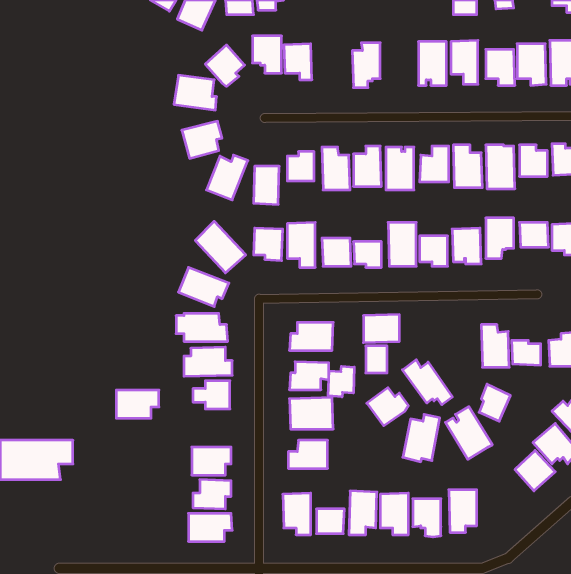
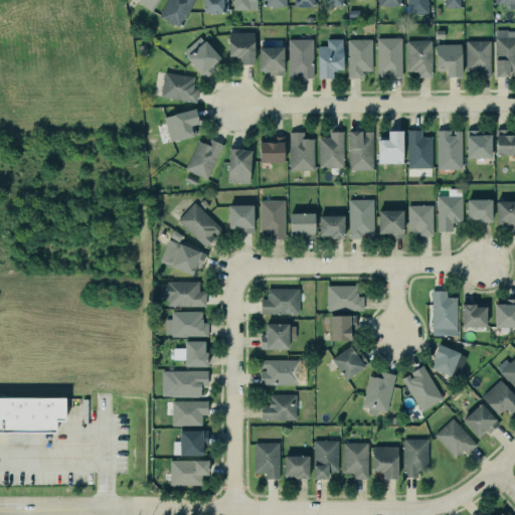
building: none -> [287,34,312,76]
building: none -> [348,39,372,77]
building: [402,360,452,405] -> none
building: [328,366,354,397] -> none
building: [116,390,159,418] -> [169,370,207,395]
building: none -> [436,418,479,458]

